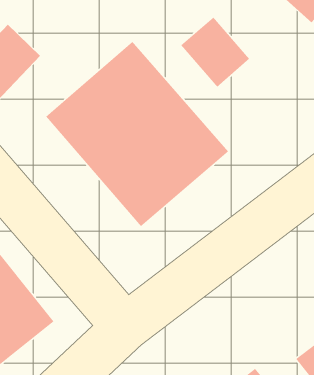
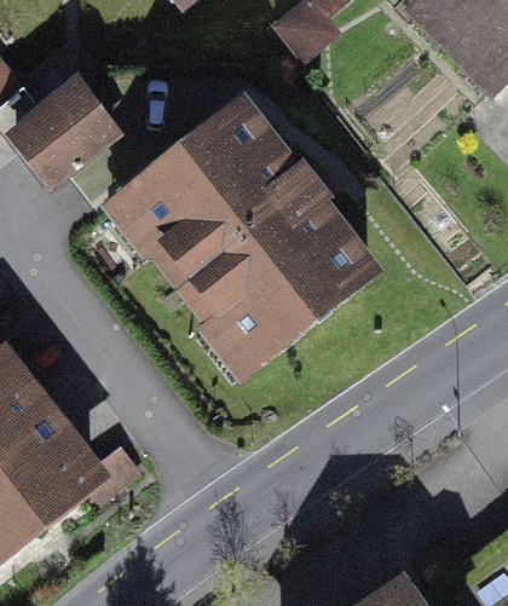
building: [180,16,250,88] -> none

